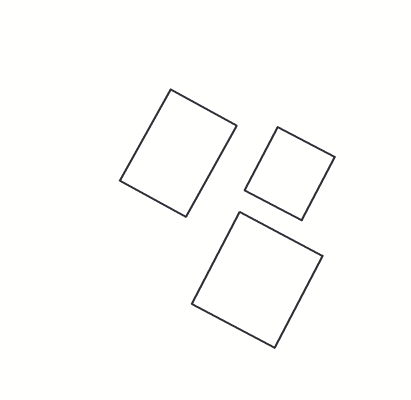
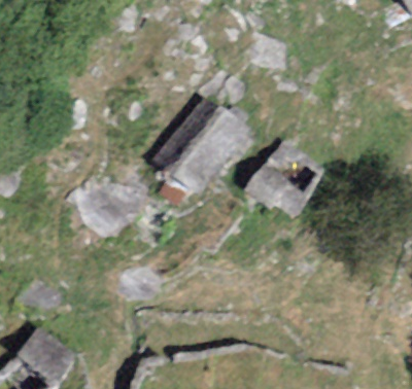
building: [192,212,323,348] -> none

